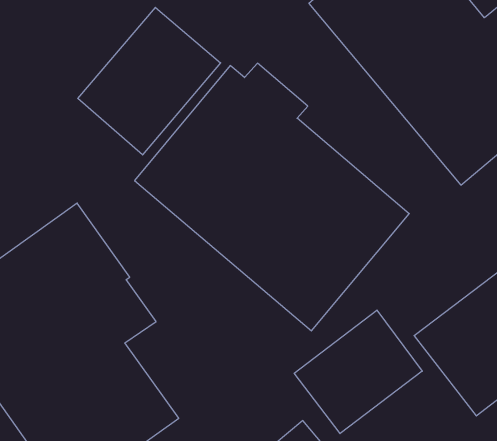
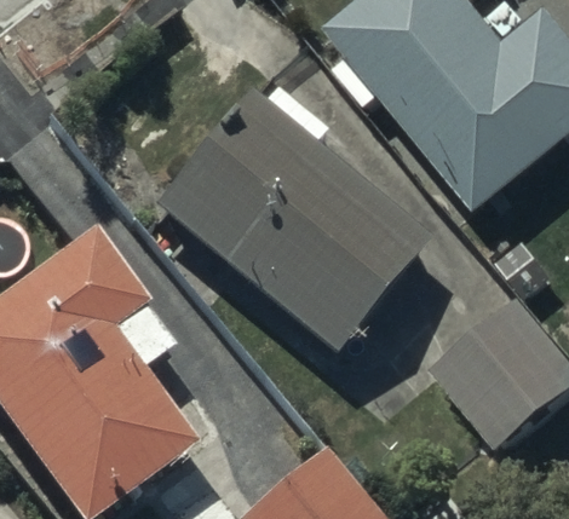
building: [78,7,221,155] -> none
building: [294,310,422,434] -> none

